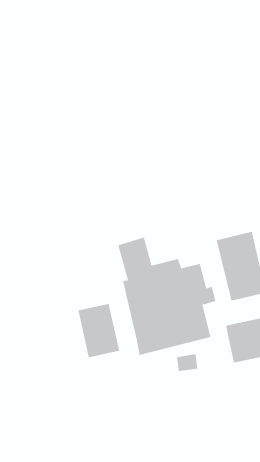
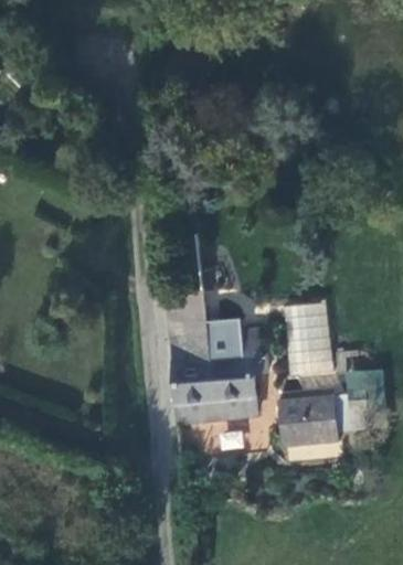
building: [78,303,120,358] -> none

